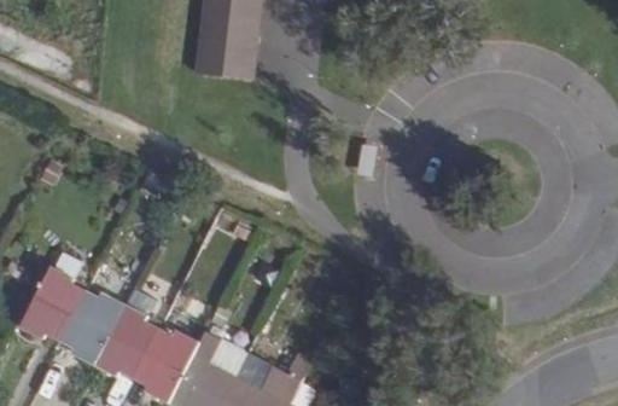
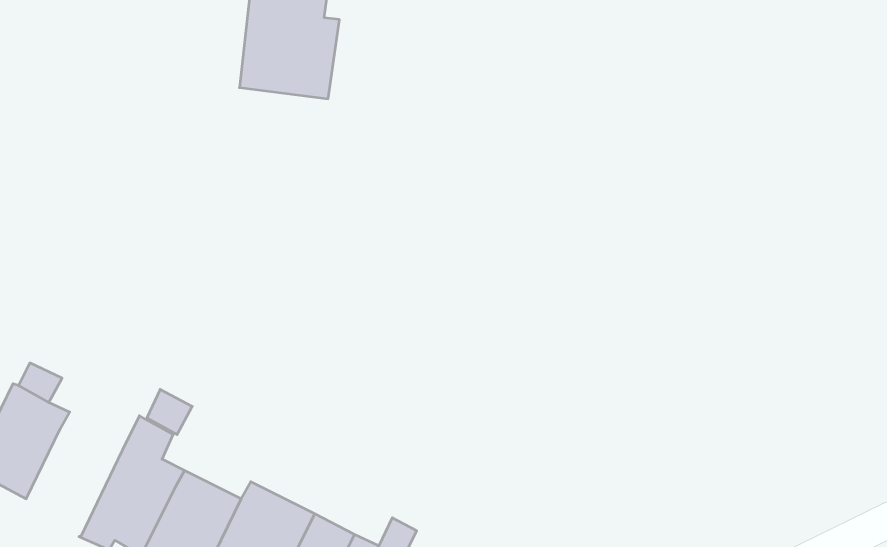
building: [59,285,123,365] -> none

